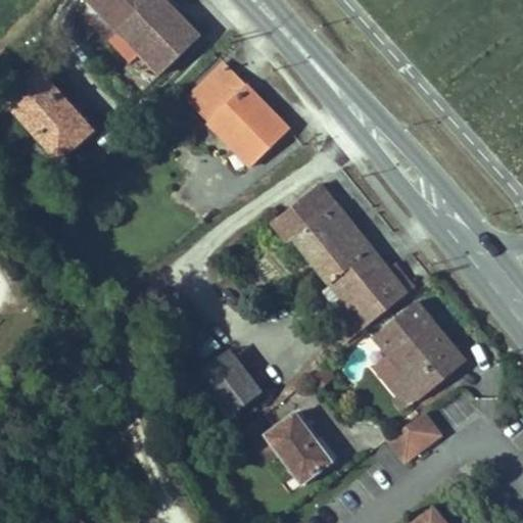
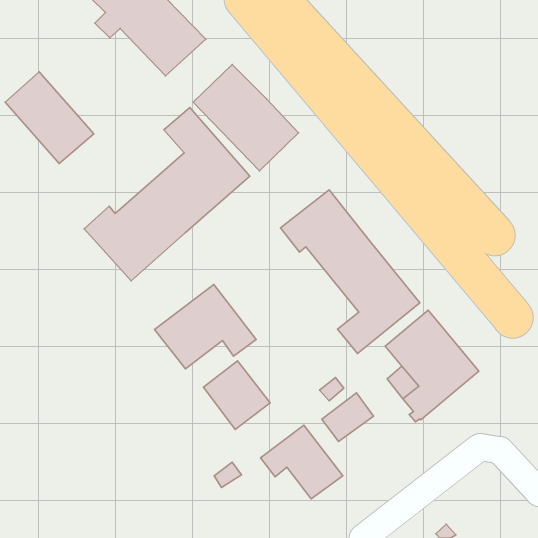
building: none -> [84,107,250,281]
building: none -> [154,285,256,369]
building: [390,413,440,460] -> [322,393,373,441]

